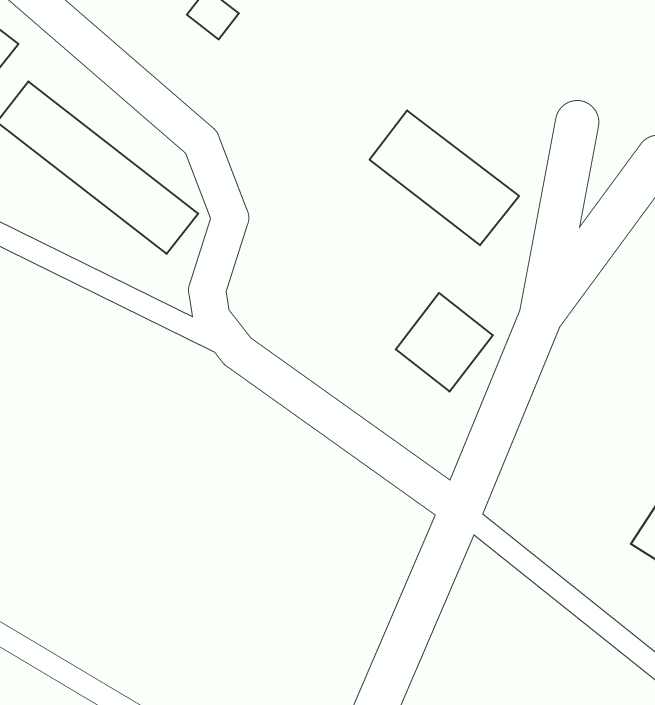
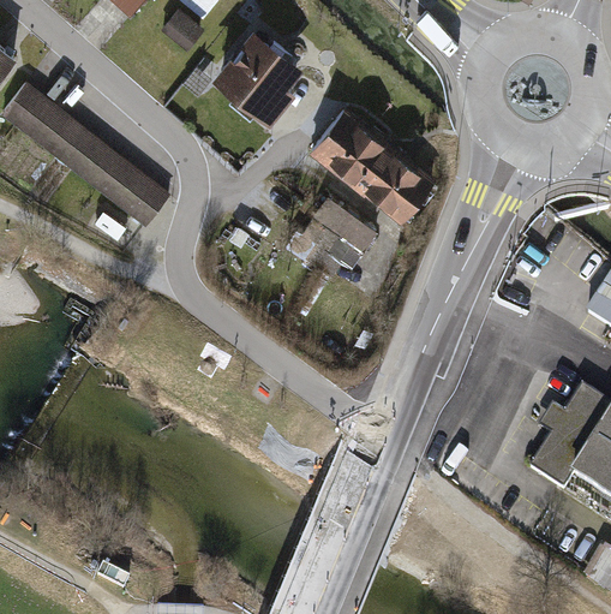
building: none -> [214,24,304,120]
building: [396,293,493,392] -> [296,198,377,280]

